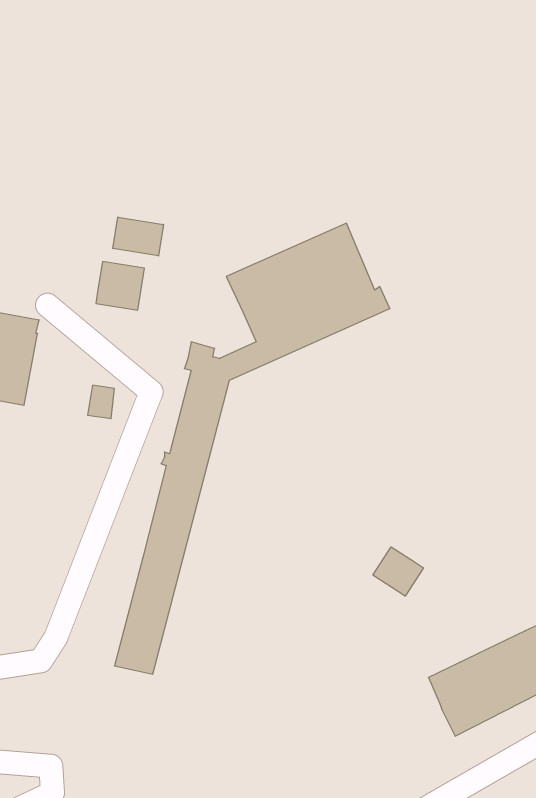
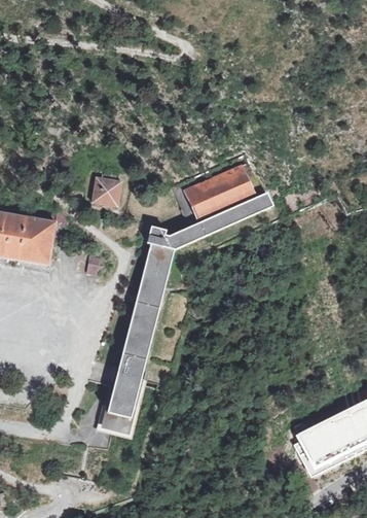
building: [113,217,163,256] -> none
building: [373,547,423,596] -> none

